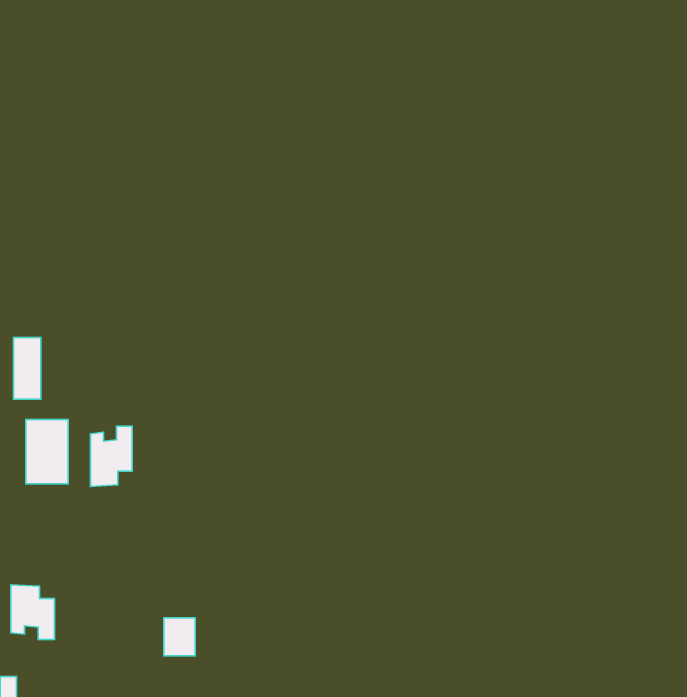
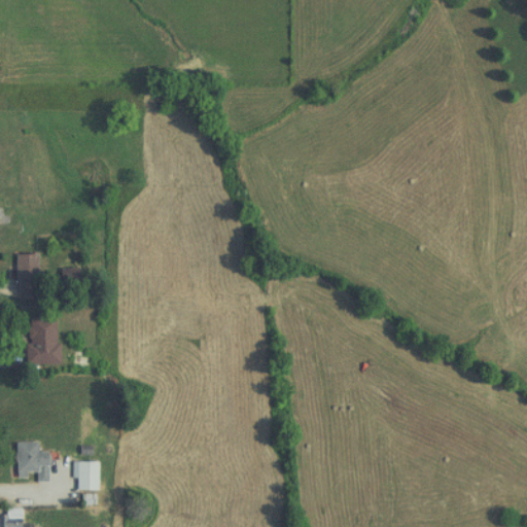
building: [91,426,132,486] -> none
building: [164,618,195,656] -> [74,461,98,490]

